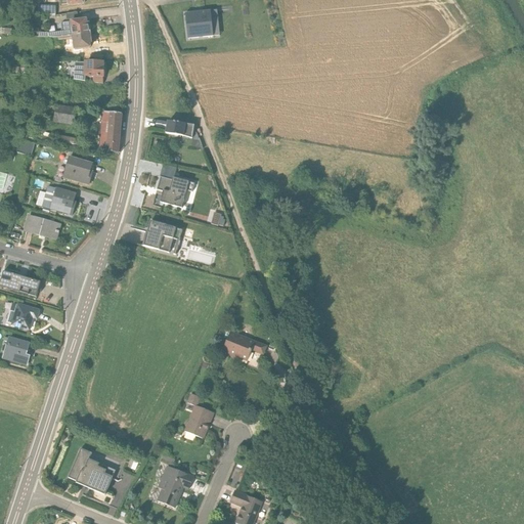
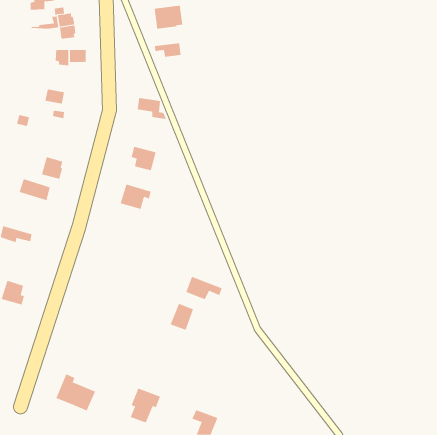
building: none -> [154,42,181,58]
building: [98,110,122,151] -> none
building: [61,155,93,185] -> none
building: [10,302,40,330] -> none
building: [184,404,213,437] -> [170,303,194,330]

